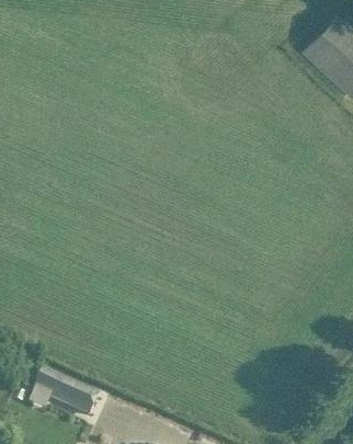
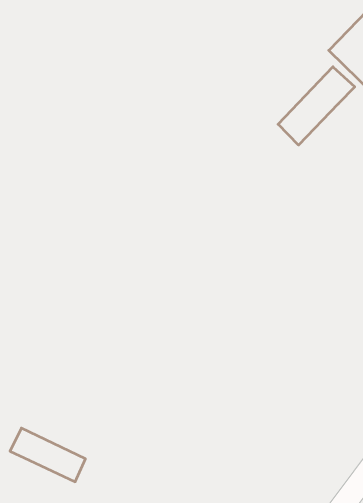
building: none -> [278,67,355,145]

